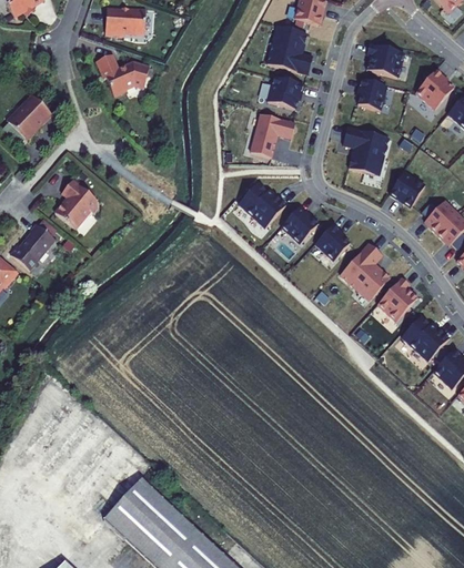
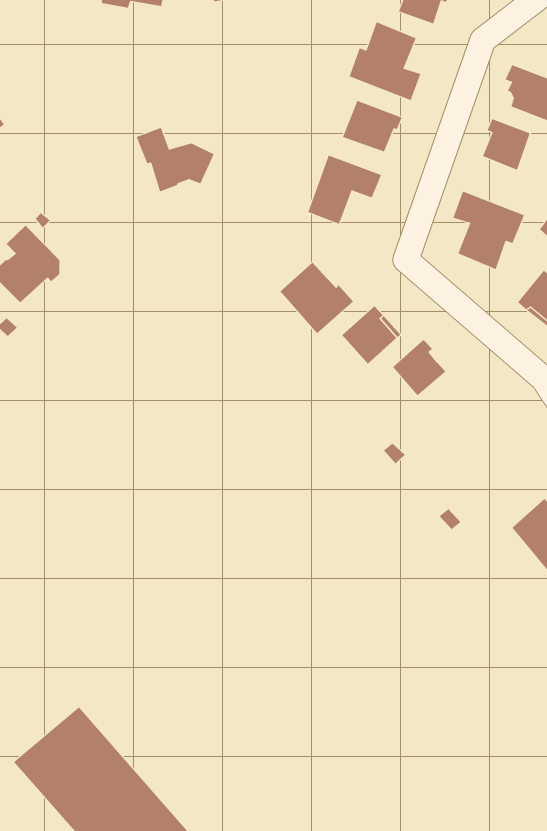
building: [97,53,148,94] -> [136,127,215,192]
building: [340,242,391,296] -> none
building: [377,276,414,321] -> none

